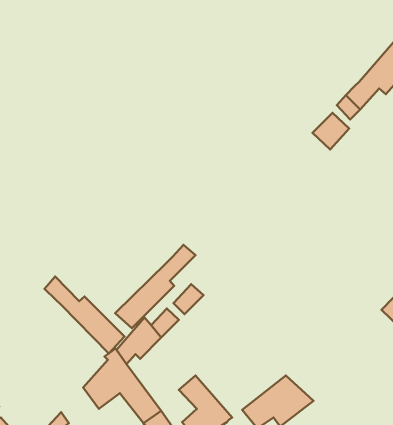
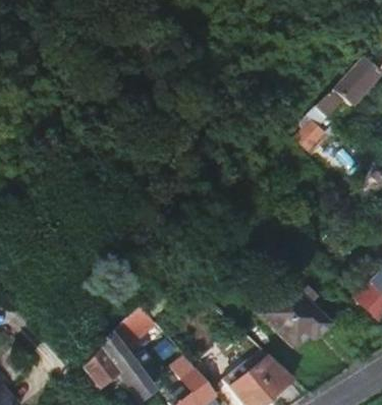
building: [115,245,196,328] -> none
building: [44,277,125,353] -> none
building: none -> [257,277,322,337]

